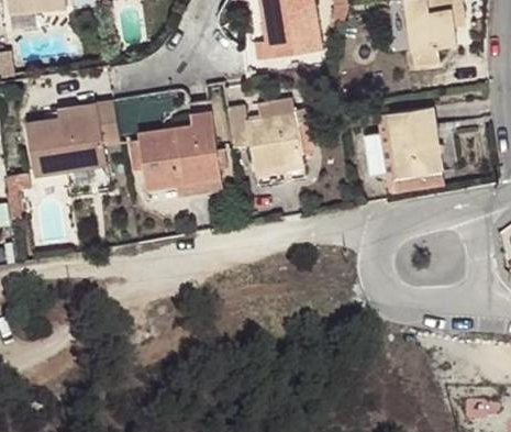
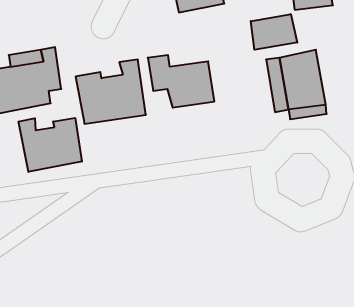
building: none -> [251,14,297,50]
building: none -> [19,118,82,172]

